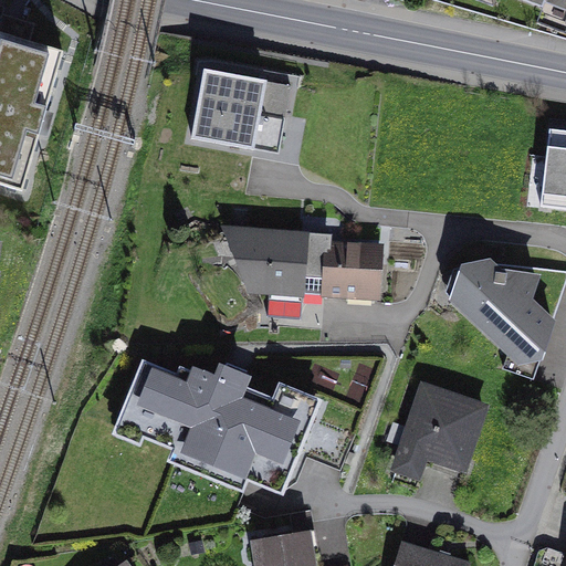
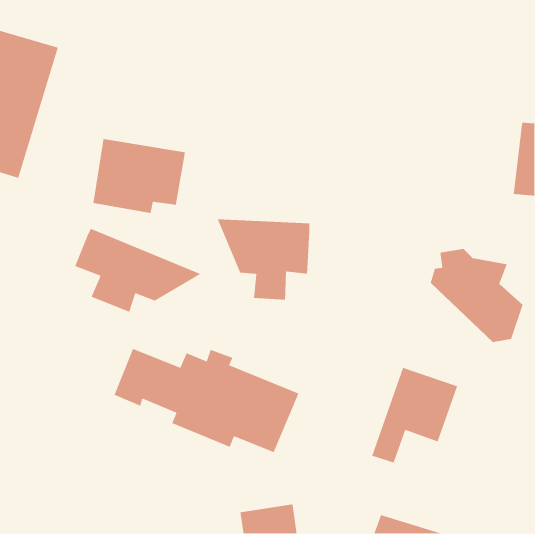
building: [191,69,290,148] -> [92,138,186,214]
building: none -> [74,228,202,313]
building: [323,243,377,293] -> none

